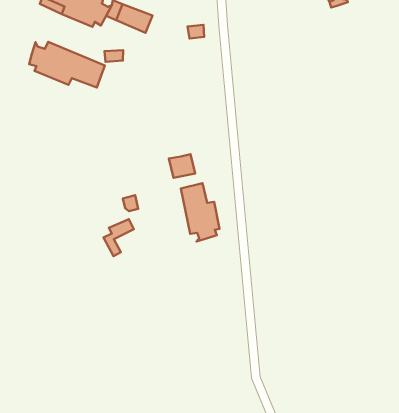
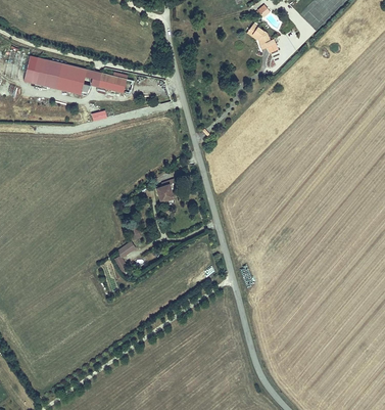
building: [29,42,105,88] -> none
building: [181,183,220,241] -> none

